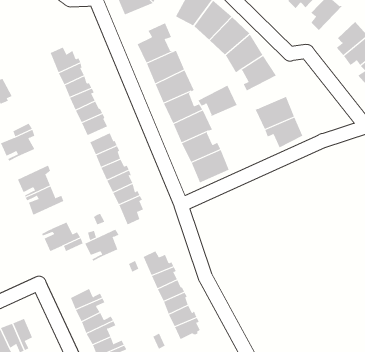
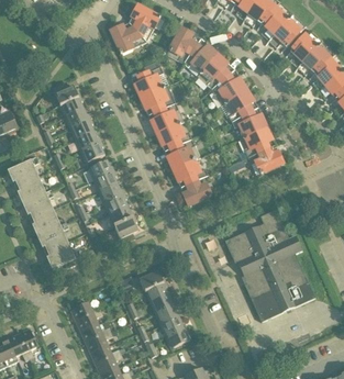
building: none -> [298,44,331,75]
building: [198,85,237,117] -> [232,108,268,137]
building: none -> [15,175,52,202]
building: none -> [225,209,315,321]
building: [84,229,119,261] -> [37,222,69,252]

